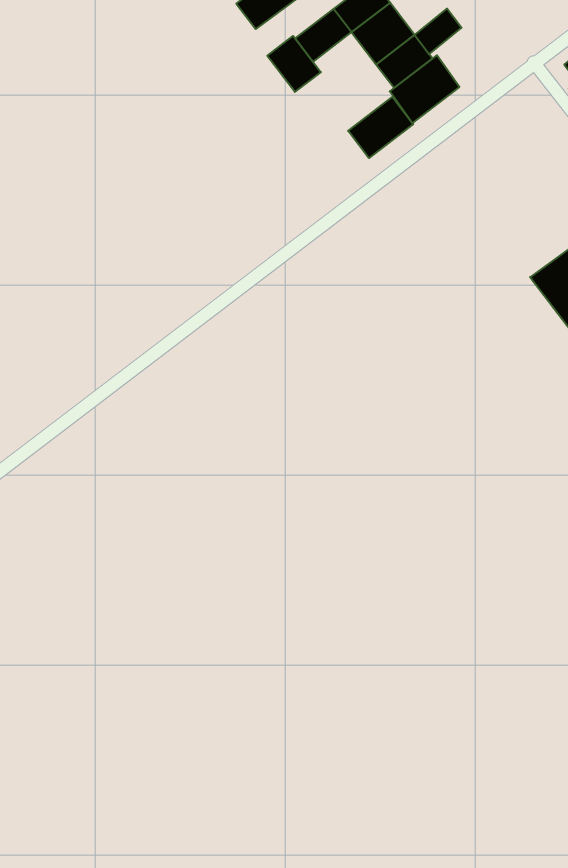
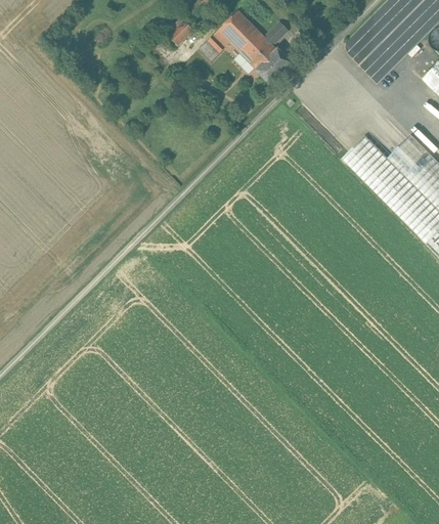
building: [267,36,321,92] -> none
building: [348,97,413,158] -> none

